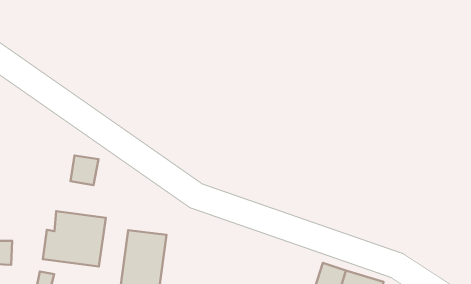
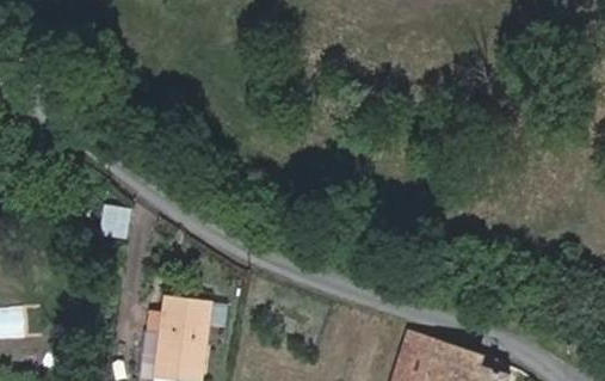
building: [43,211,106,267] -> none

